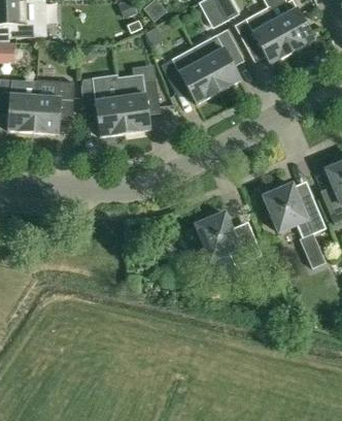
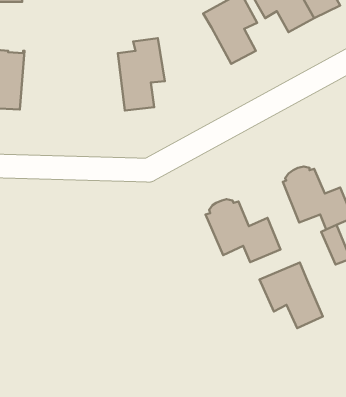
building: [161,53,218,103] -> none
building: [80,78,125,136] -> none
building: [32,79,73,133] -> none
building: none -> [260,263,323,328]

